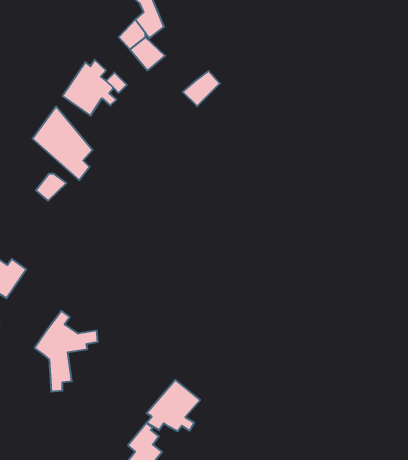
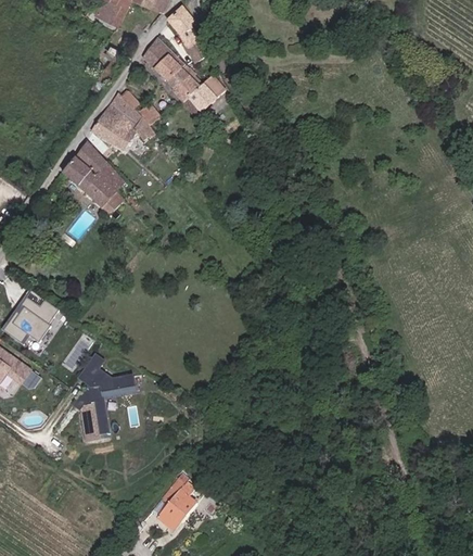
building: none -> [142,35,171,66]
building: [183,71,220,106] -> [189,76,228,113]
building: [36,173,66,201] -> none
building: [147,380,200,431] -> none

